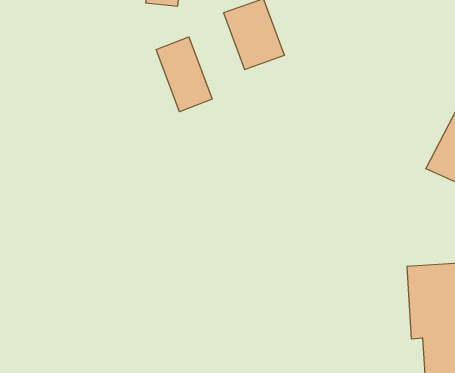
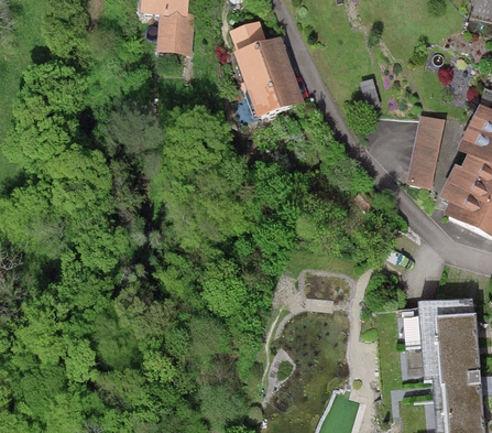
building: [156,37,212,112] -> none
building: none -> [406,117,446,193]

